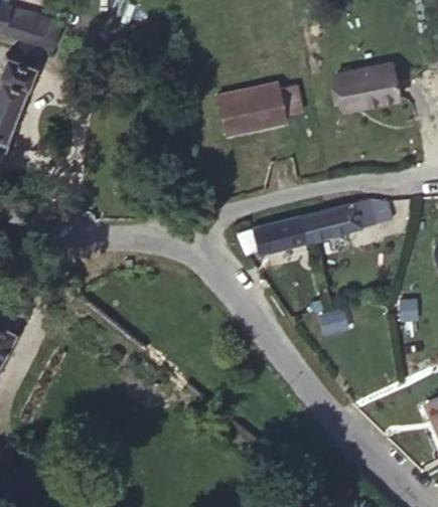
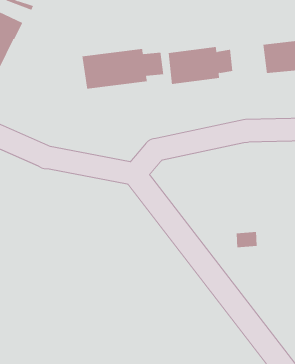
building: none -> [82,48,164,89]
building: [253,201,376,254] -> none

